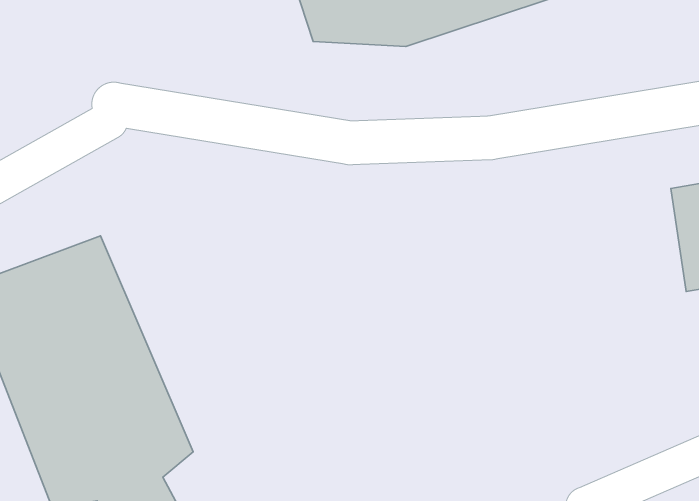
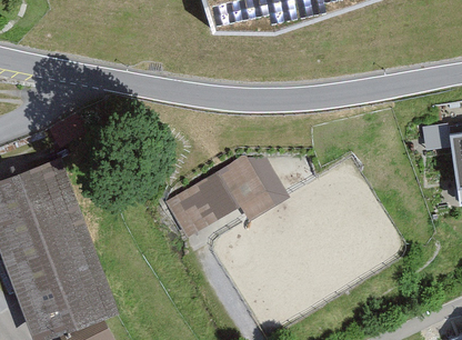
building: none -> [157,151,279,252]

